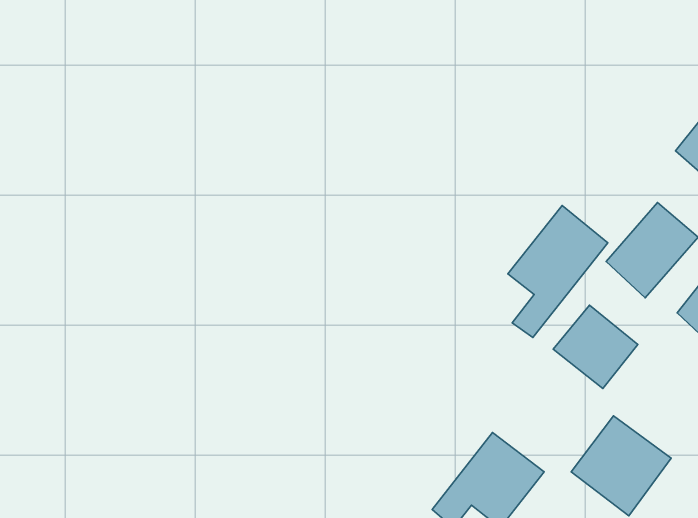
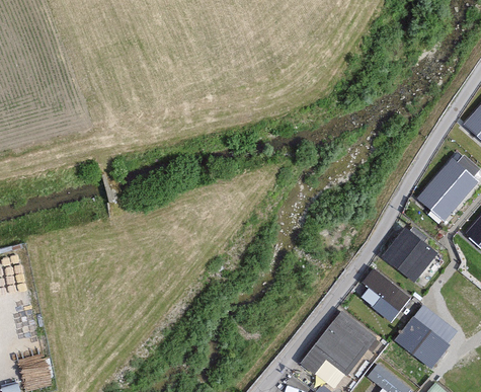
building: [508,205,608,337] -> none
building: none -> [358,269,412,322]

